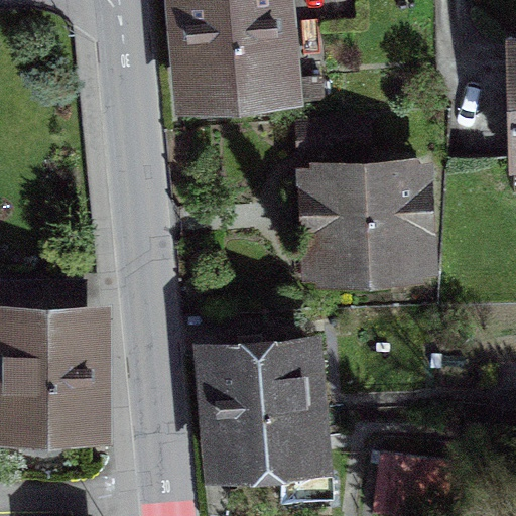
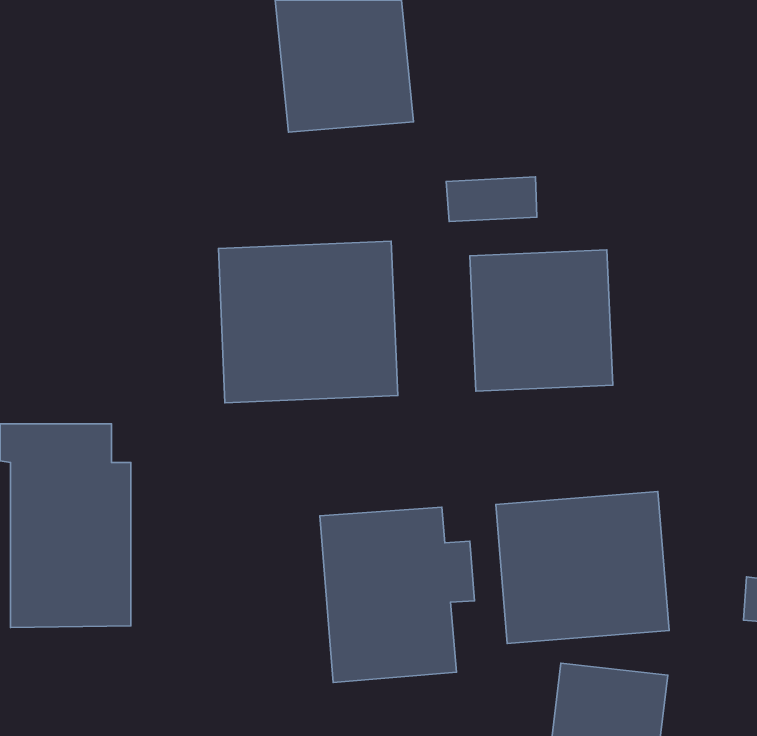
building: none -> [218,241,398,403]
building: none -> [496,491,669,644]

